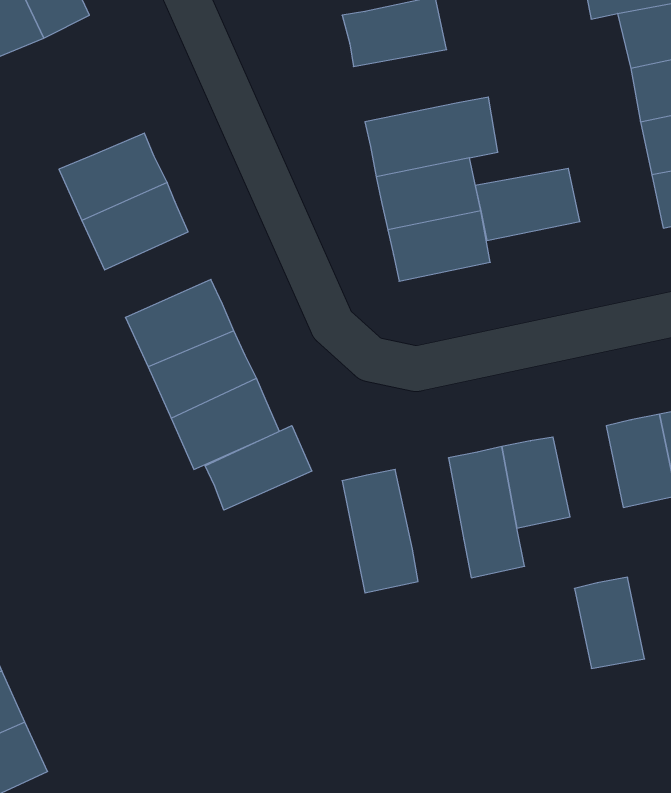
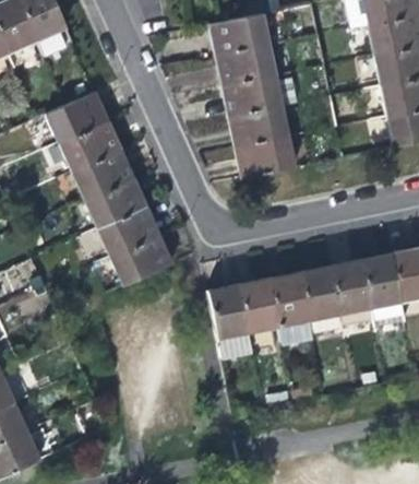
building: [475,168,580,241] -> [216,45,276,86]
building: none -> [73,150,134,199]
building: [205,426,312,510] -> none
building: none -> [240,280,279,332]
building: [574,577,645,668] -> [331,261,371,314]

